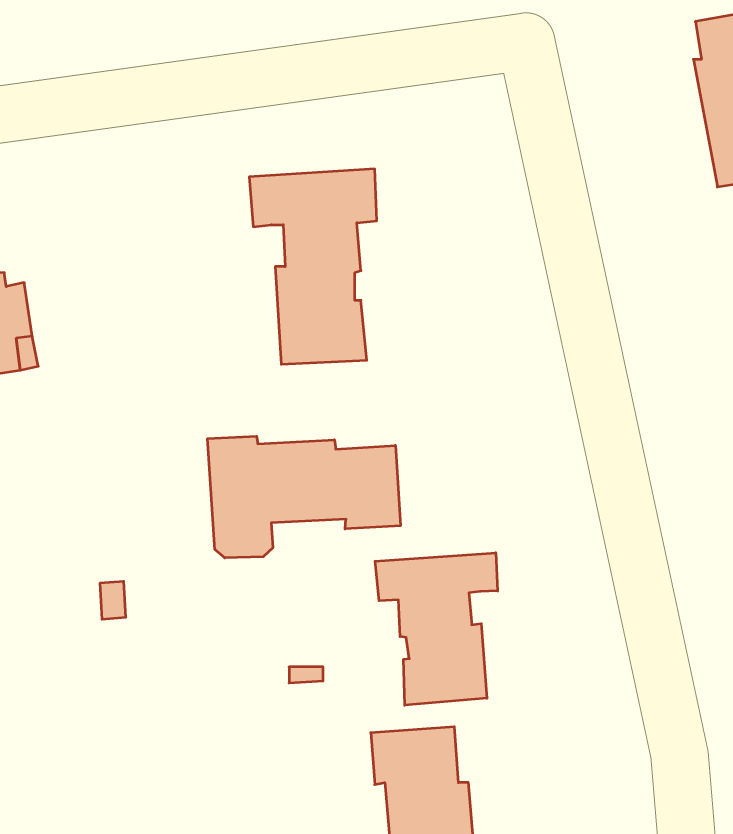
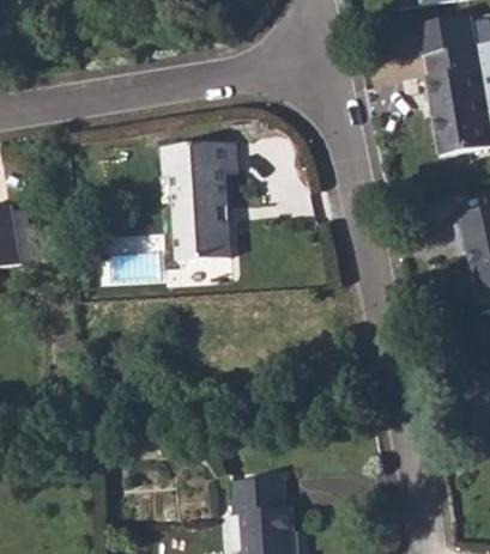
building: [208,436,400,558] -> none
building: [375,553,498,705] -> none

